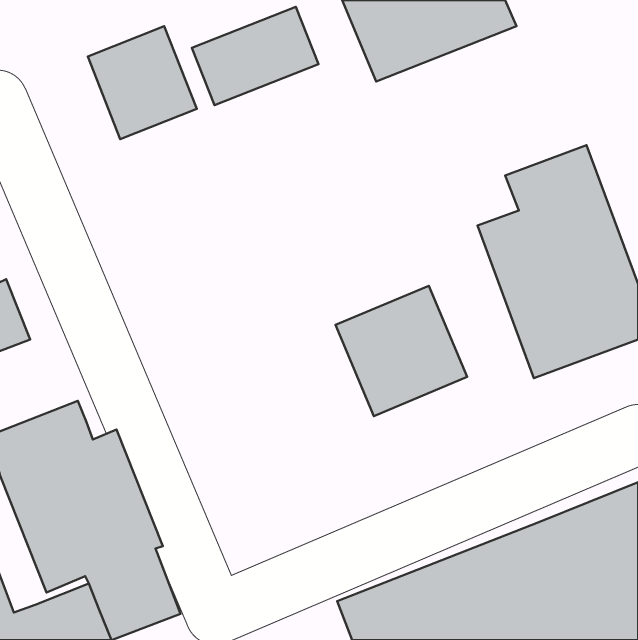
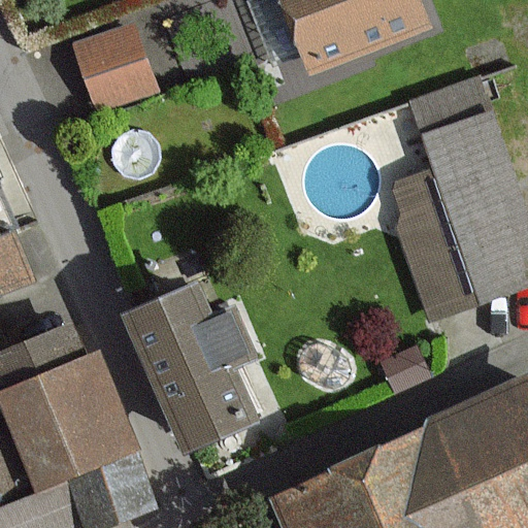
building: [192,7,318,105] -> none
building: [336,286,467,416] -> none
building: none -> [131,290,256,446]

